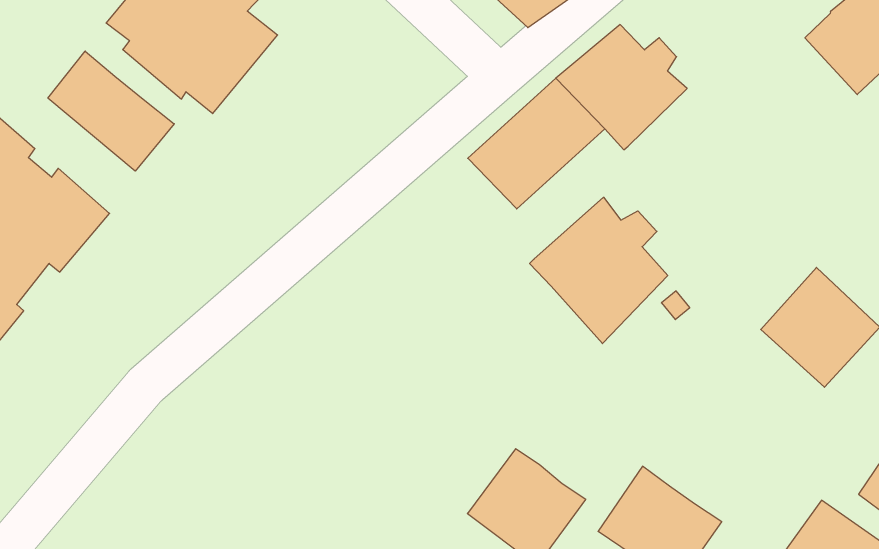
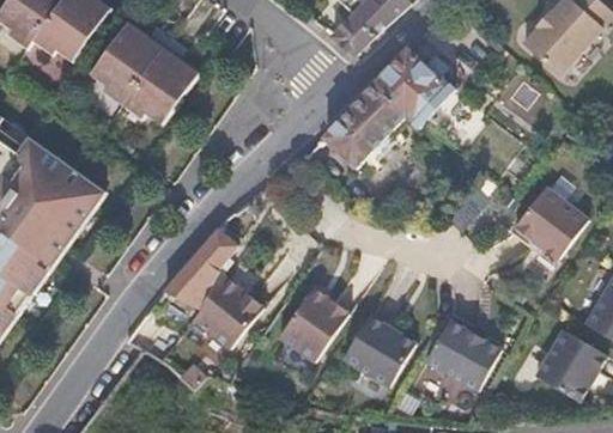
building: [48,51,174,171] -> none
building: [530,197,668,344] -> none
building: none -> [164,227,265,348]
building: none -> [279,291,350,361]

